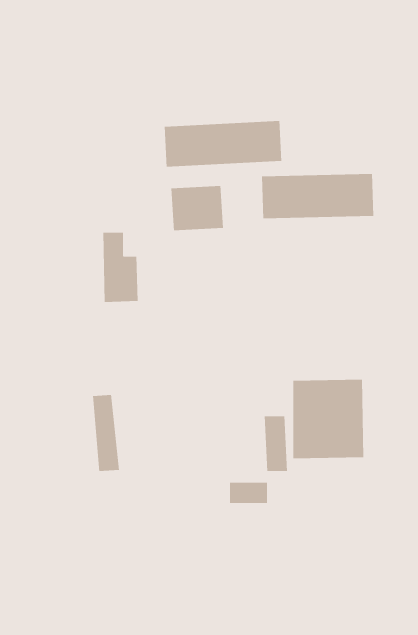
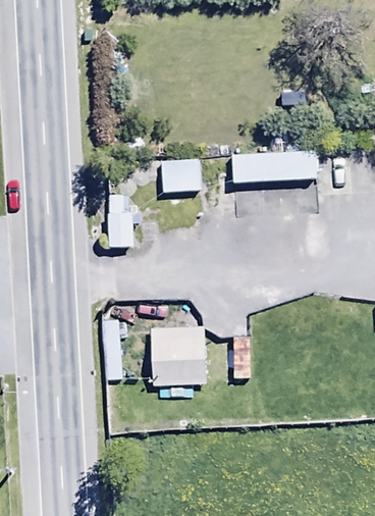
building: [164,120,282,168] -> none
building: [292,379,364,459] -> [151,323,206,384]

